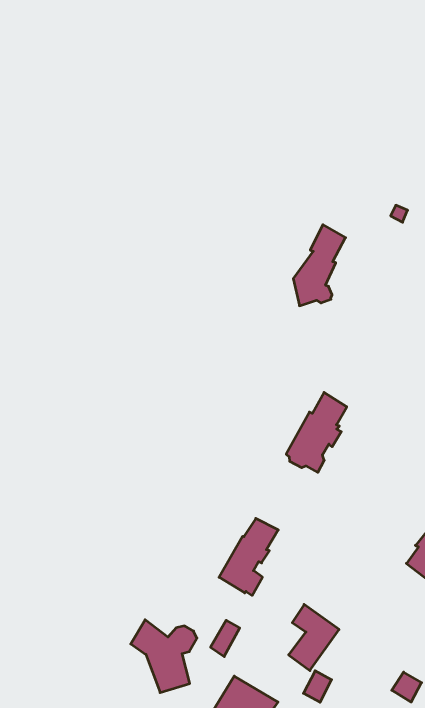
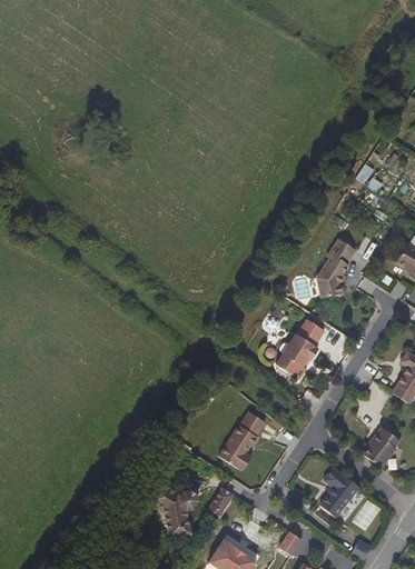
building: [293,225,346,306] -> [315,238,357,299]
building: [289,604,339,671] -> [319,467,359,518]

